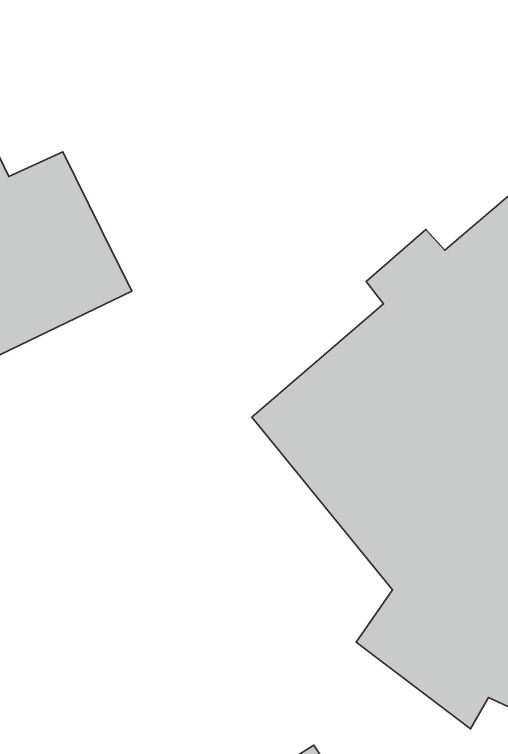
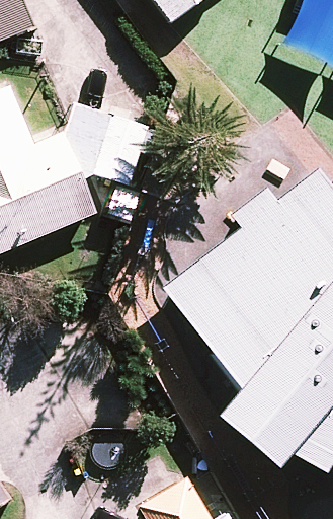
building: none -> [65,100,150,183]

